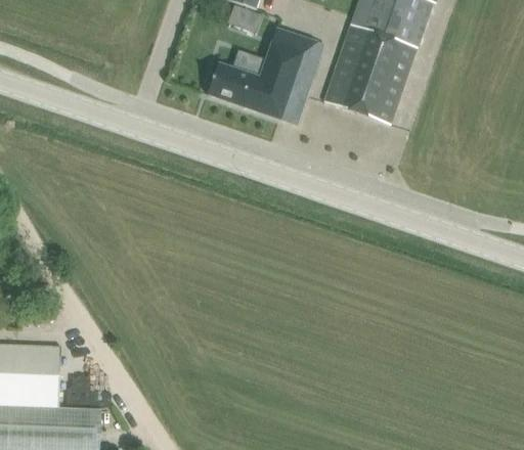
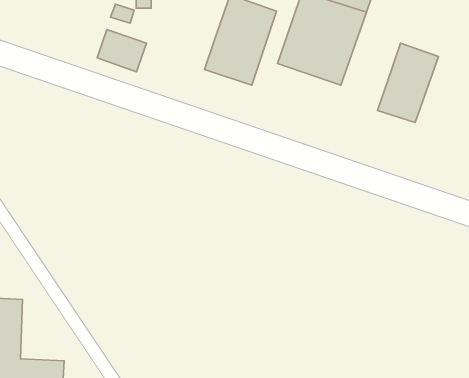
building: [207,63,258,107] -> [97,29,146,72]
building: none -> [377,43,438,123]

